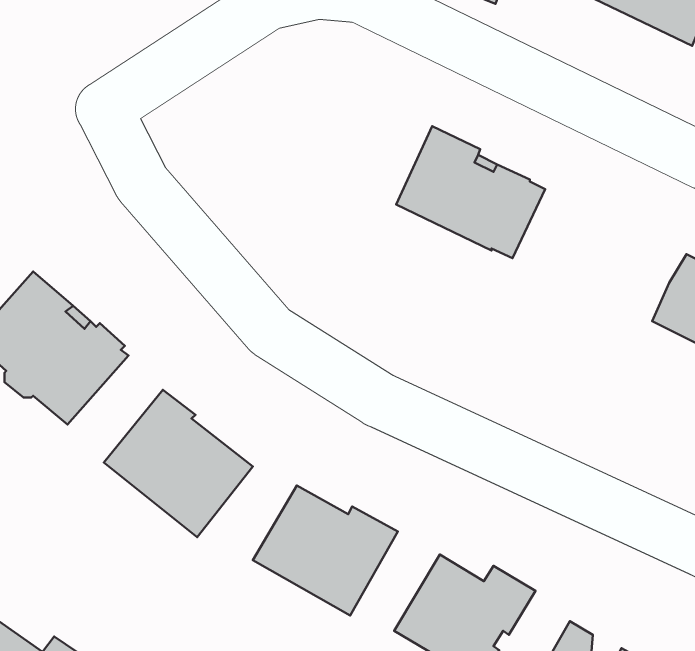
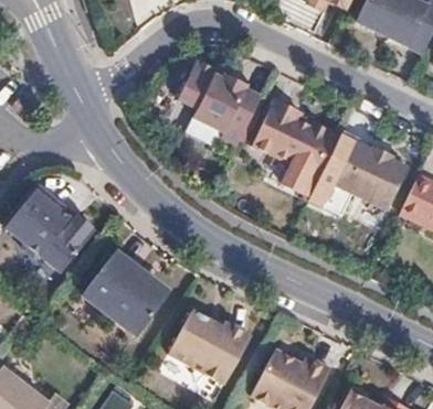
building: none -> [178,62,261,144]
building: none -> [314,133,406,207]

